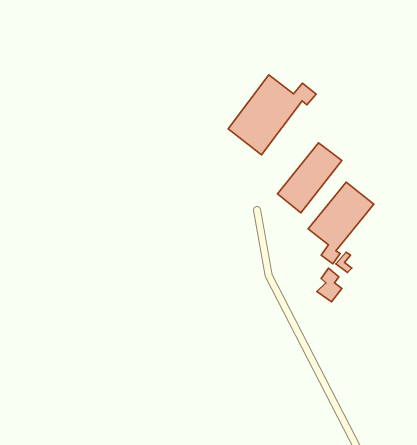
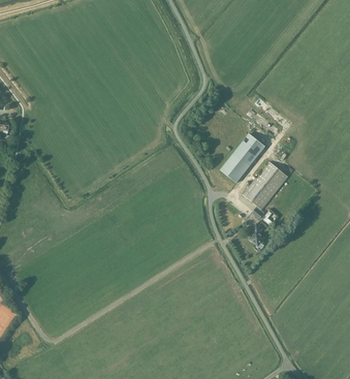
building: [228,75,316,155] -> none

